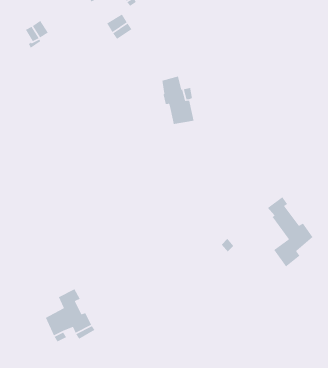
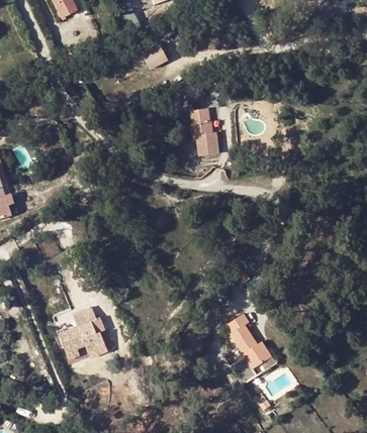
building: [267,196,314,267] -> [227,315,271,385]

